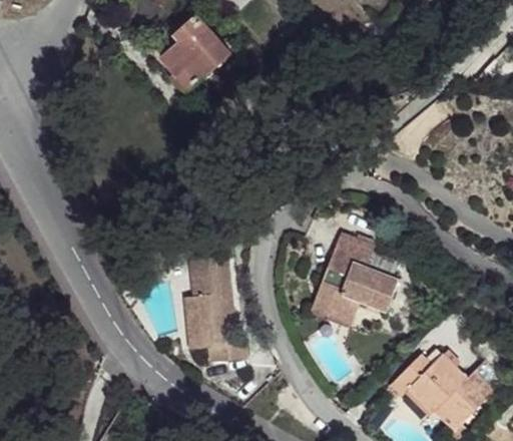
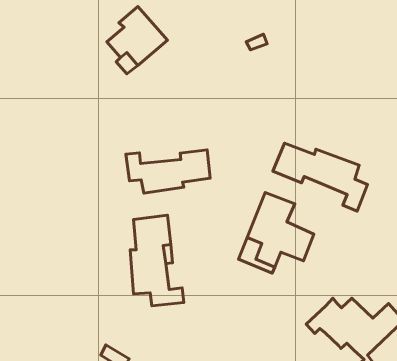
building: none -> [273,143,368,211]
building: none -> [126,150,210,193]

